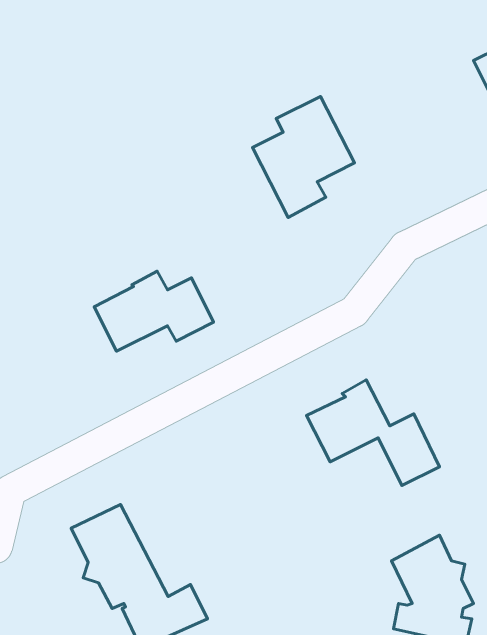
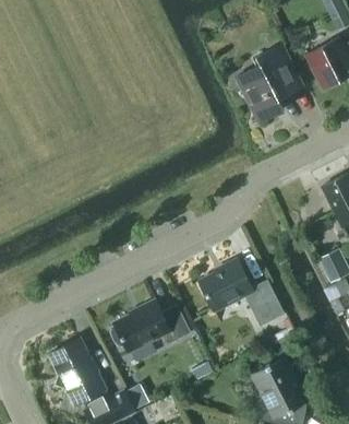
building: [252,96,355,218] -> [237,45,302,122]
building: [94,271,214,351] -> [115,301,191,352]

